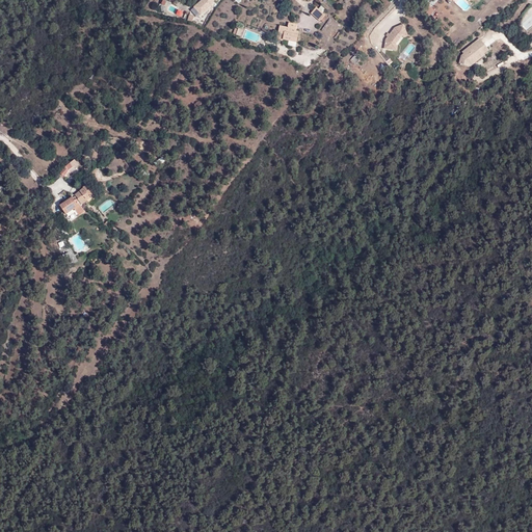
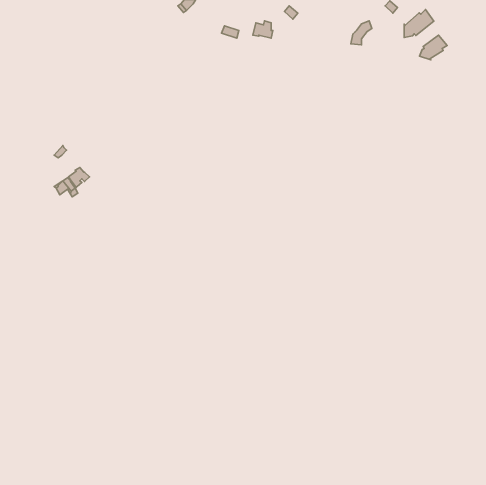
building: none -> [404,10,434,37]

